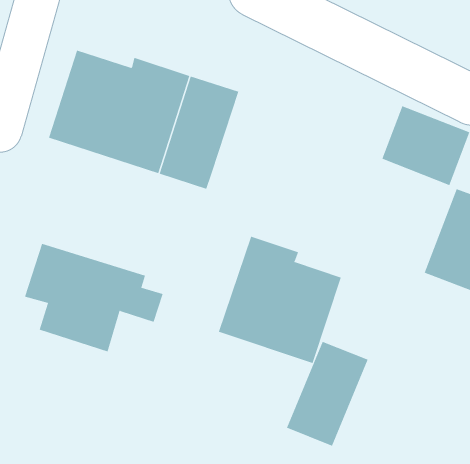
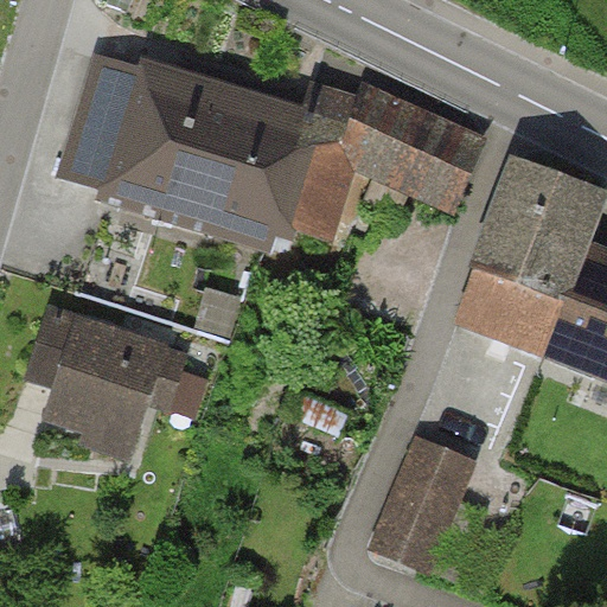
building: none -> [275,84,481,239]
building: none -> [449,204,588,350]
building: [218,236,342,364] -> none

